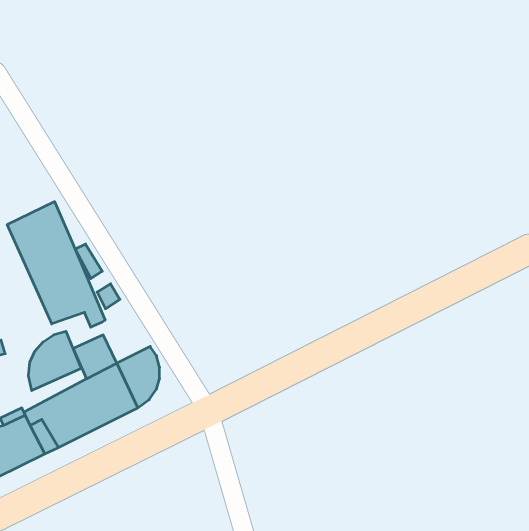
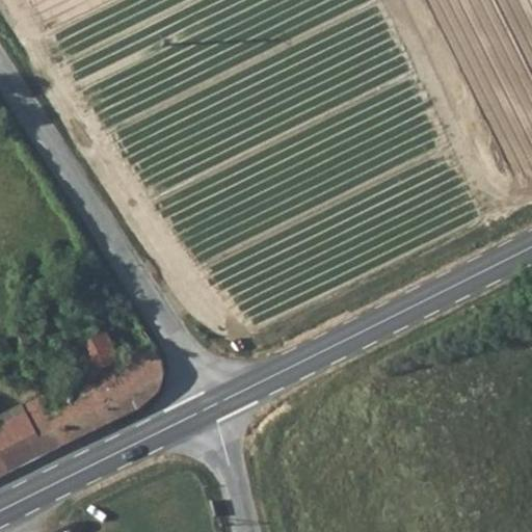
building: [7,202,105,327] -> none
building: [28,331,81,391] -> none

